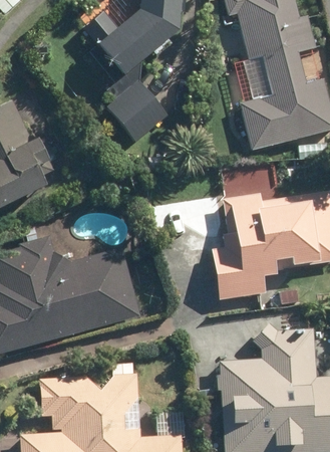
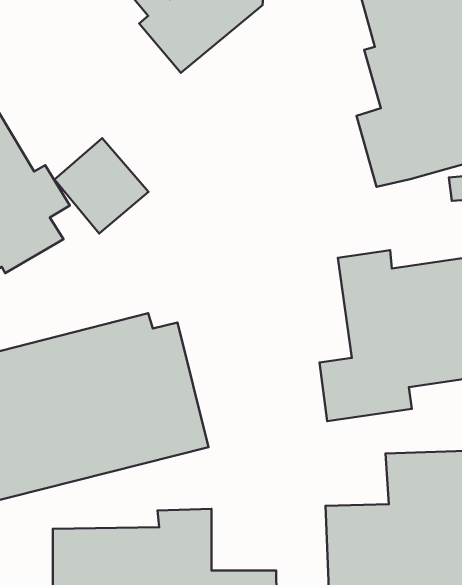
building: [103,78,164,141] -> [54,138,148,234]

